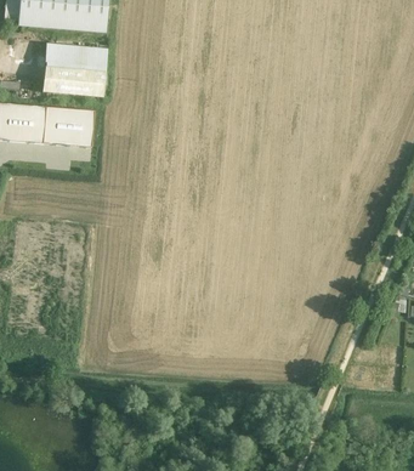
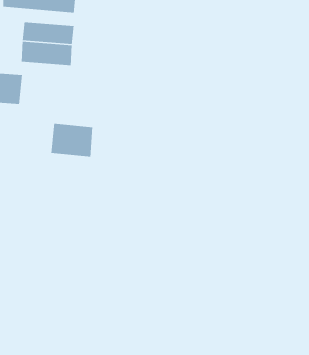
building: [42,107,93,148] -> [50,123,93,157]

